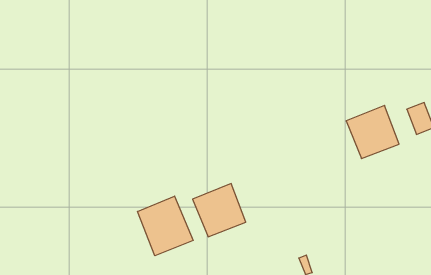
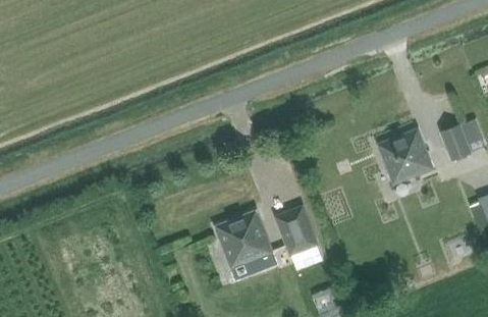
building: none -> [276,208,318,255]
building: [138,196,193,256] -> none

